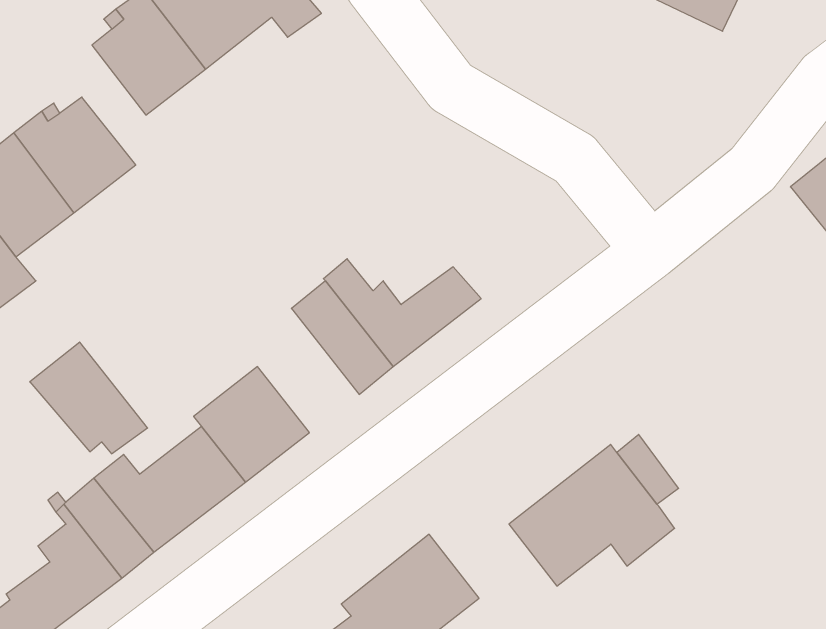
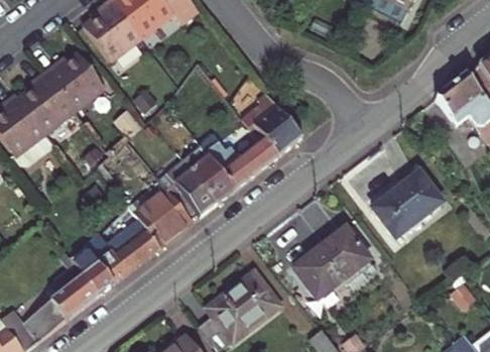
building: none -> [240,94,302,154]
building: none -> [371,170,444,239]
building: [30,342,148,454] -> [158,159,218,216]

